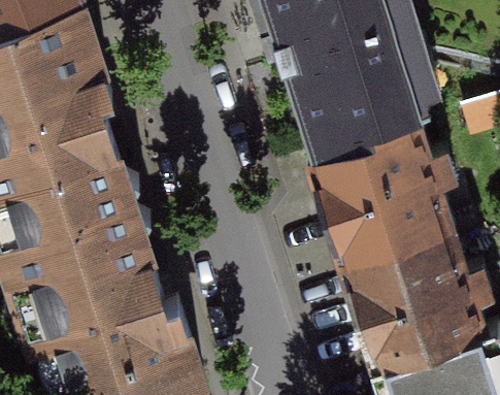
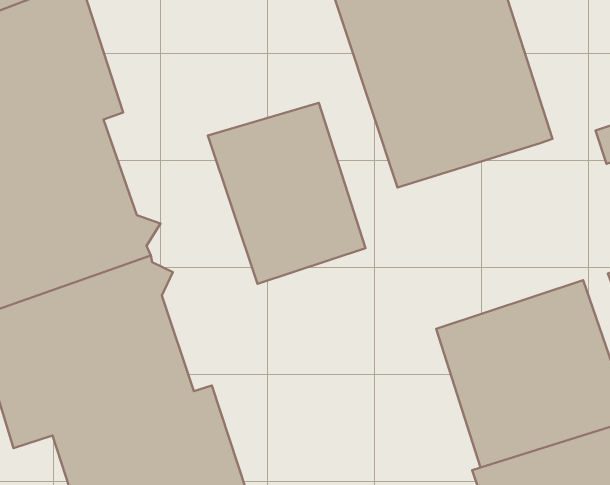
building: none -> [208,103,366,284]
building: [312,123,455,261] -> none

